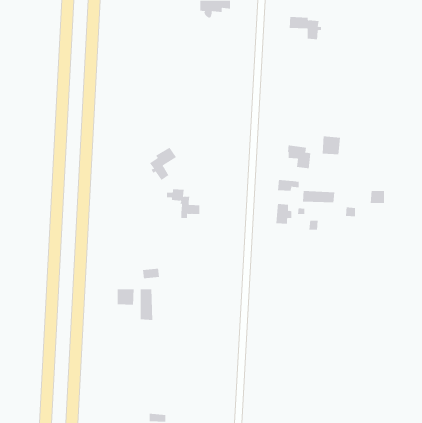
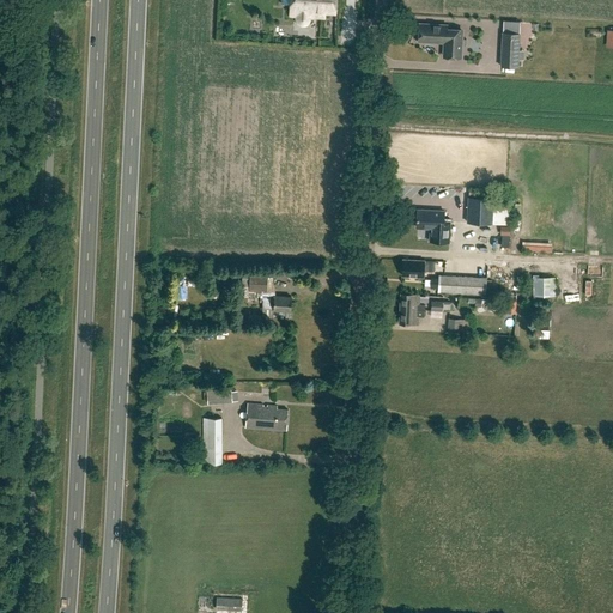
building: none -> [499,32,518,67]
building: [149,147,177,181] -> none
building: none -> [244,403,286,430]
building: [117,289,134,306] -> none

